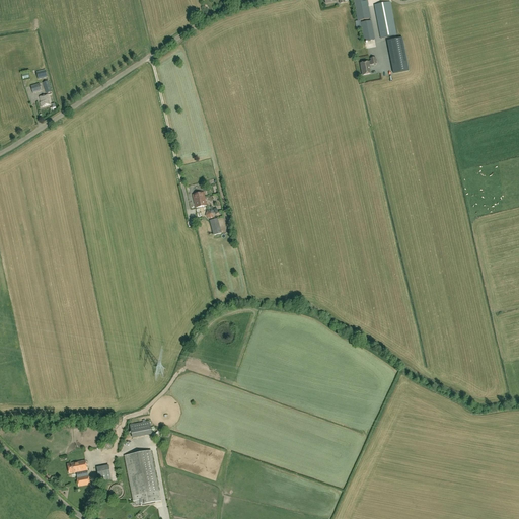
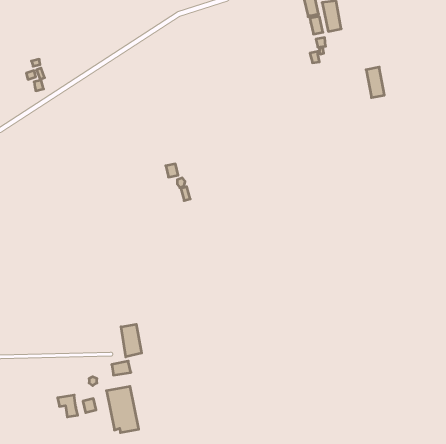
building: [387,36,409,72] -> [366,67,384,98]
building: none -> [121,324,142,357]

